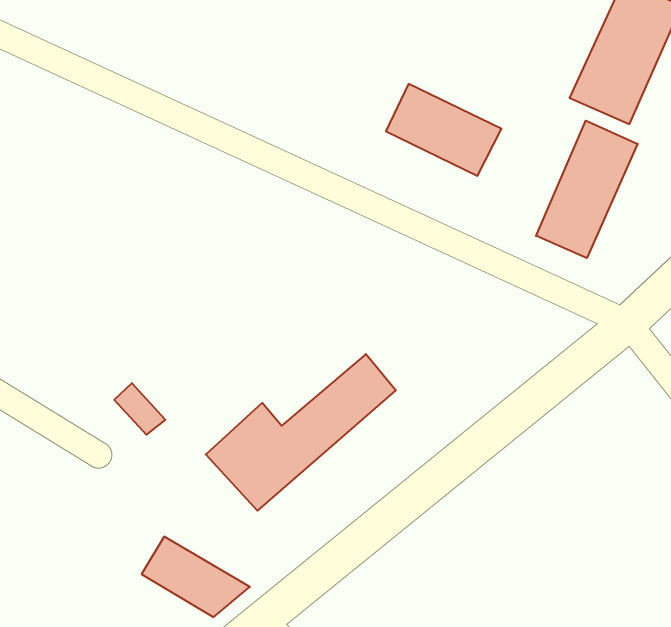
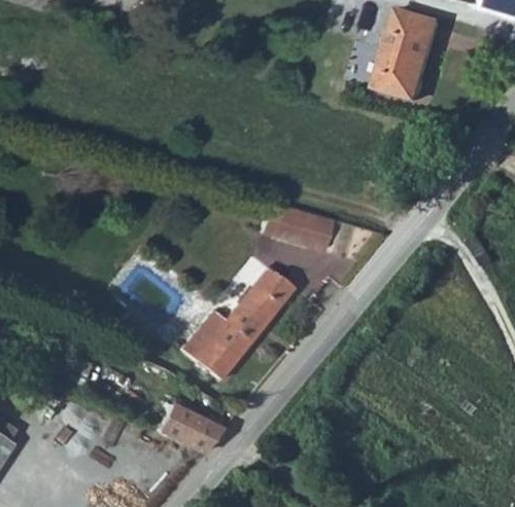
building: [386,84,502,176] -> [260,200,332,250]
building: [536,121,638,258] -> none

